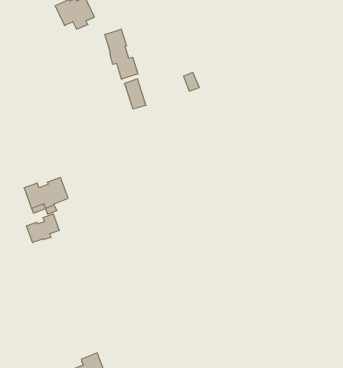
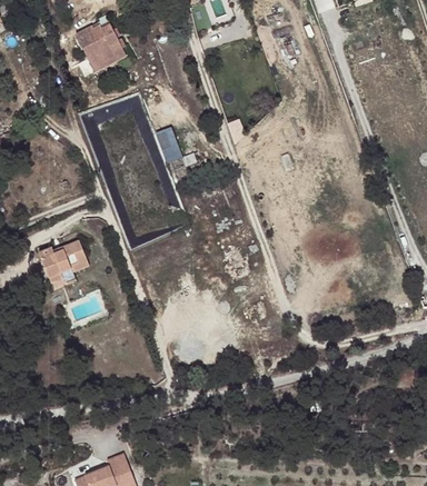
building: [105,29,138,79] -> none
building: [26,214,59,243] -> none

